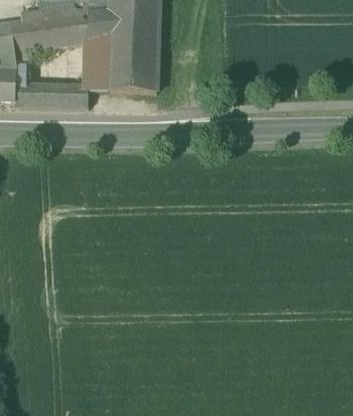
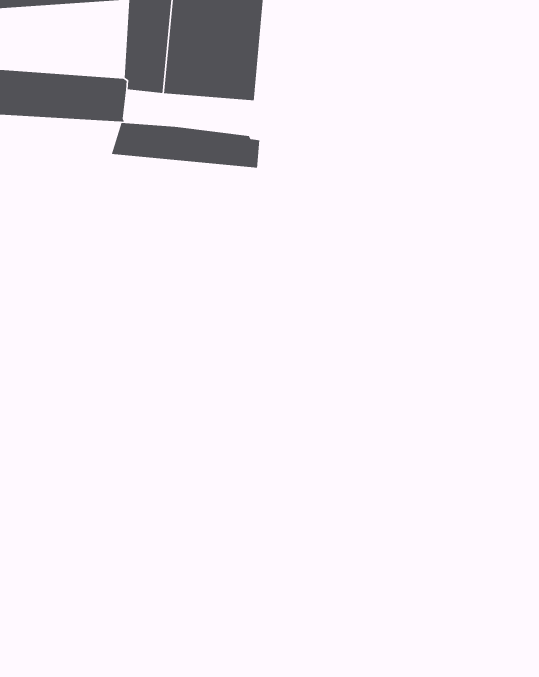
building: none -> [111,122,260,168]

